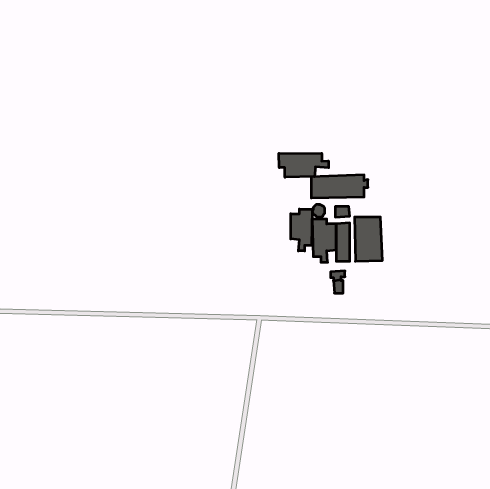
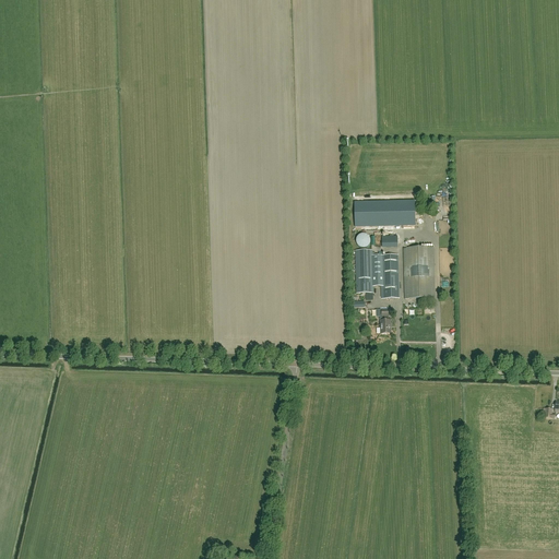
building: [279,153,329,177] -> none
building: [291,209,312,251] -> none

